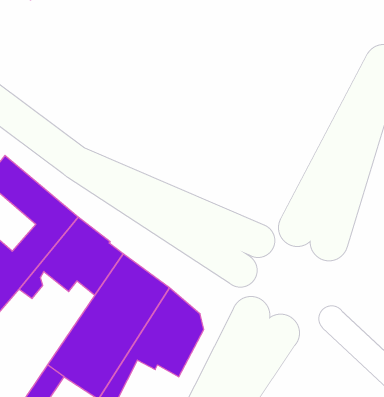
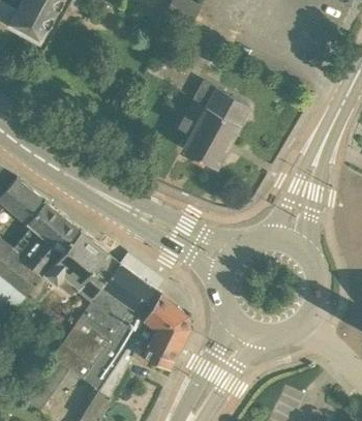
building: none -> [177,80,248,168]

